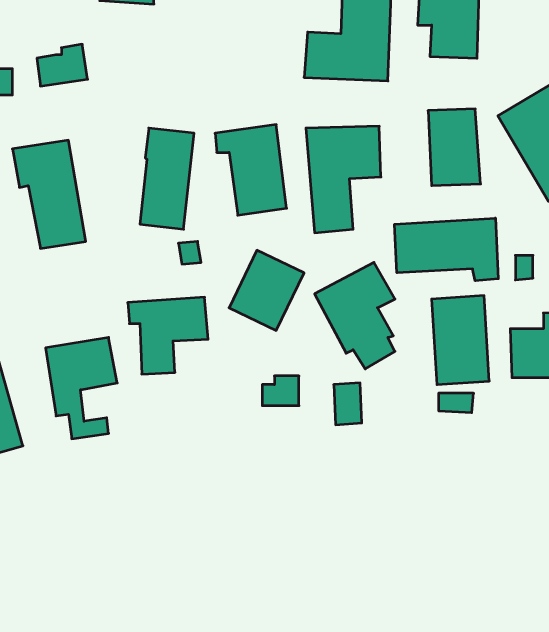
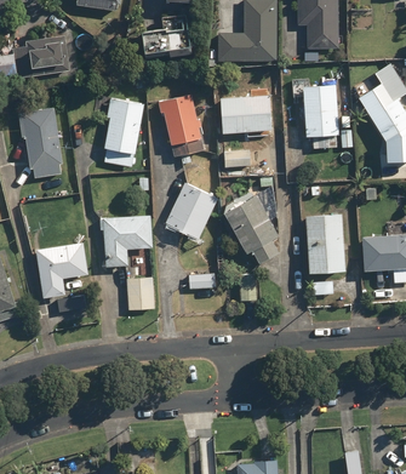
building: none -> [144,15,195,53]
building: [395,218,498,281] -> none
building: none -> [125,279,155,309]

